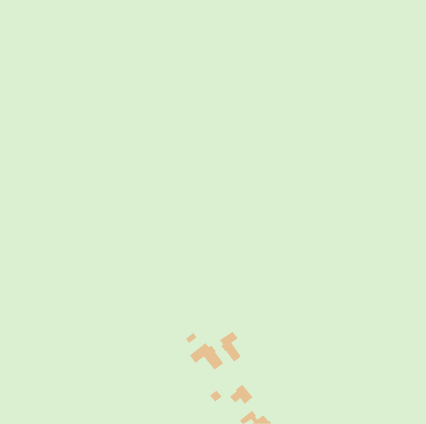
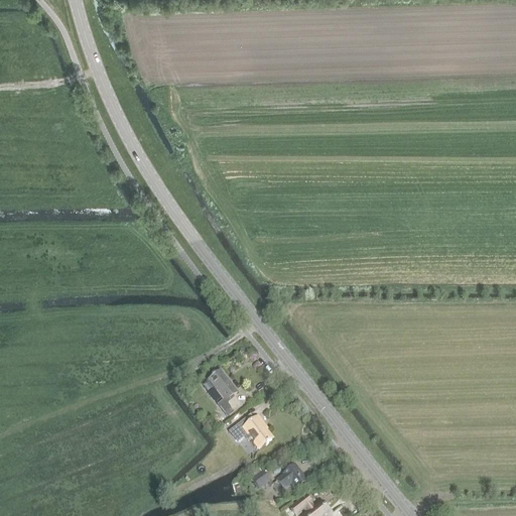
building: none -> [208,370,236,400]
building: [219,331,242,362] -> none

